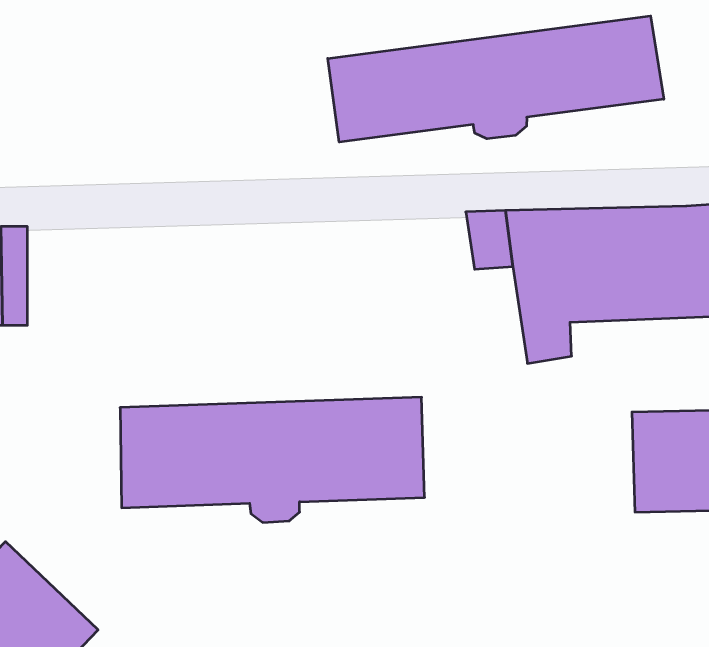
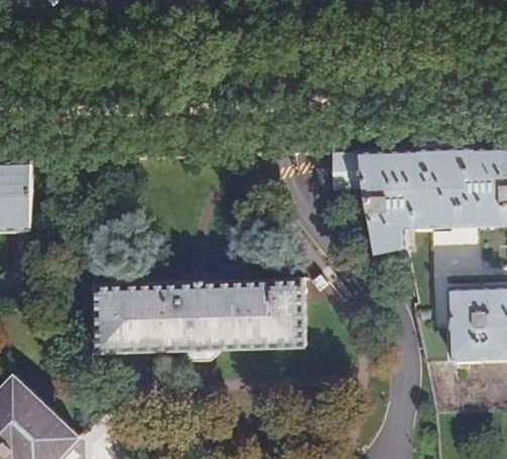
building: [328,16,664,142] -> none

